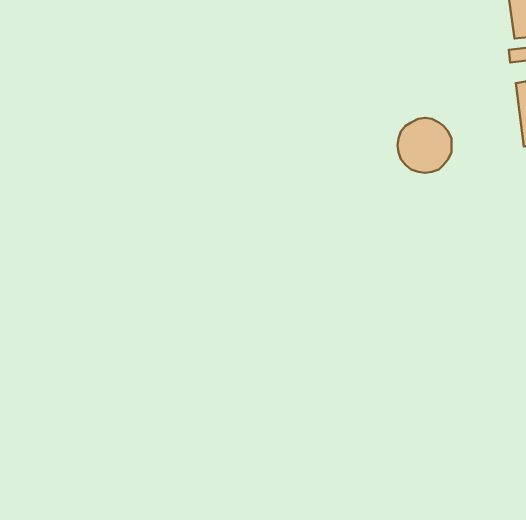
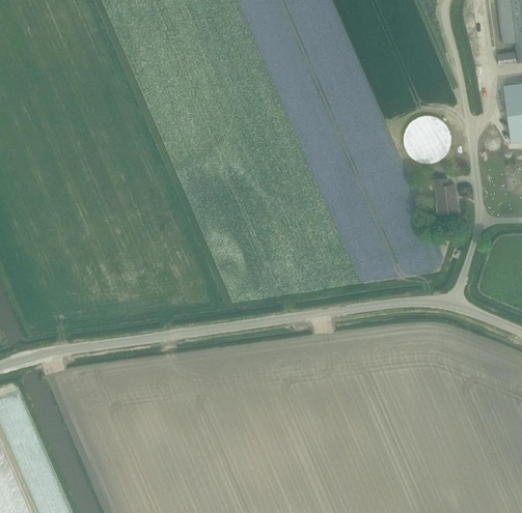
building: none -> [433,178,459,212]

